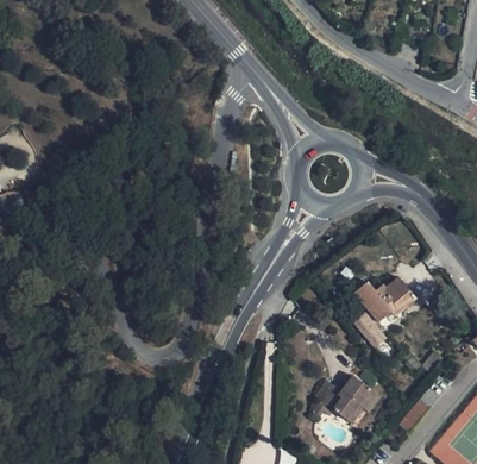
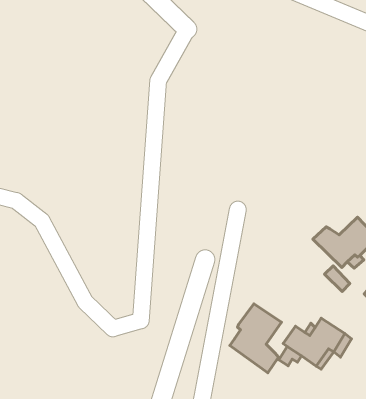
building: none -> [230,304,282,373]

